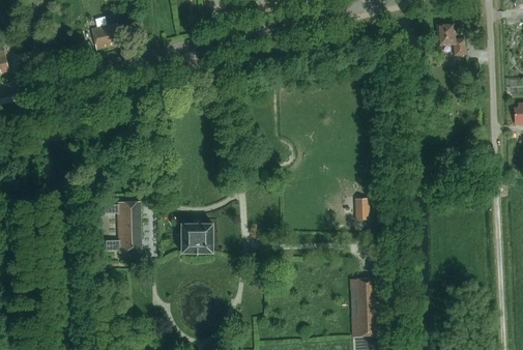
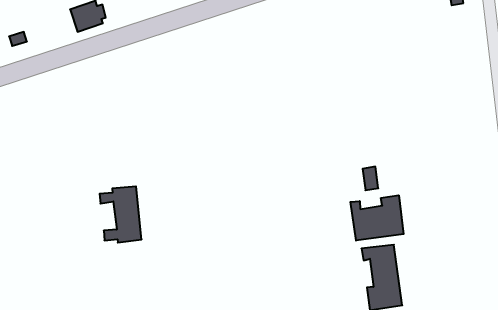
building: [181,224,212,252] -> none
building: none -> [350,195,404,241]

